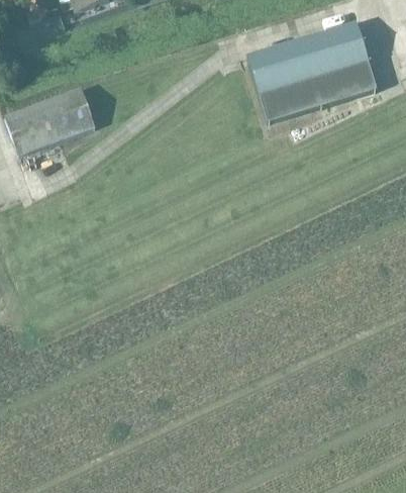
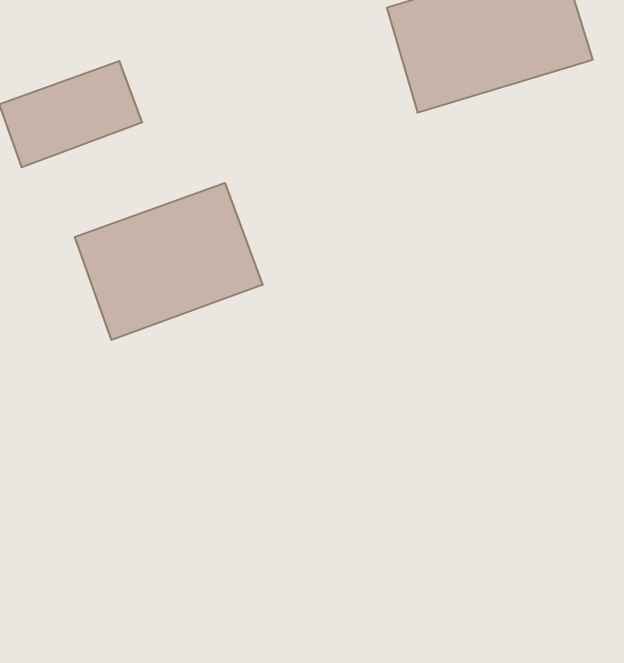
building: none -> [75,183,263,340]

